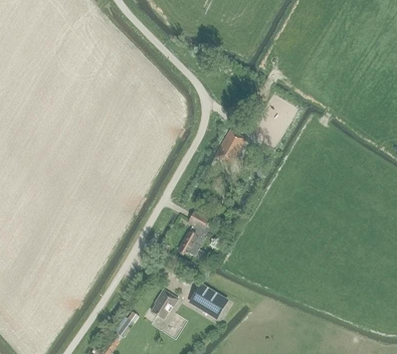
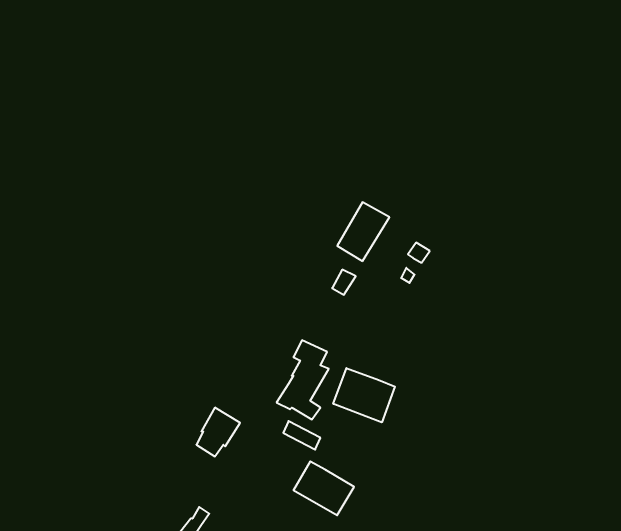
building: none -> [333,368,395,422]
building: [152,290,178,319] -> [196,408,240,456]

